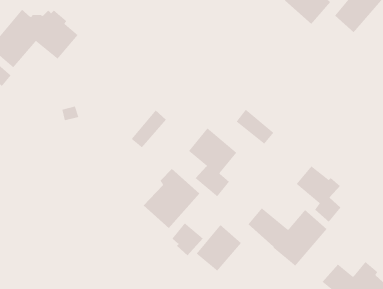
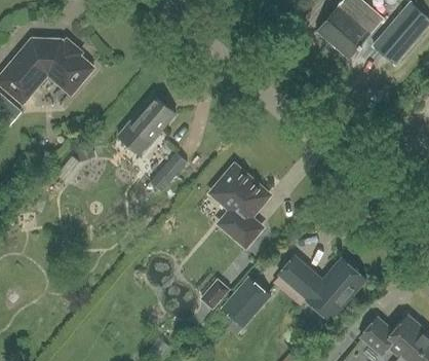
building: none -> [118,95,174,155]
building: [236,109,274,145] -> none
building: [296,165,341,223] -> none
building: [143,168,200,229] -> none

